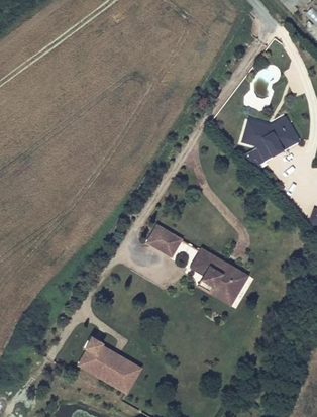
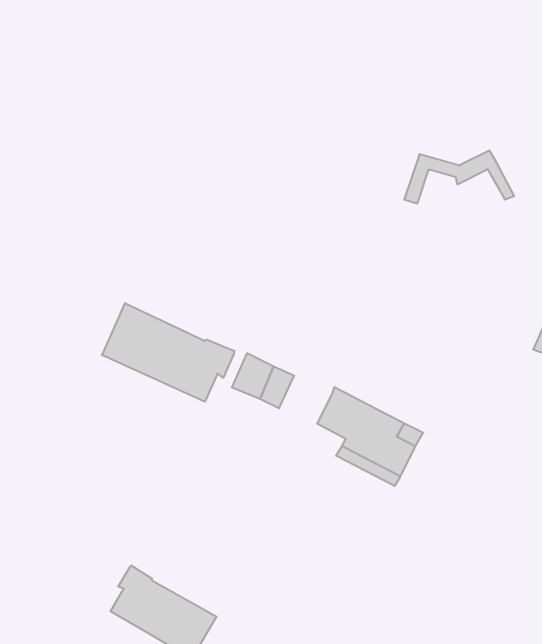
building: [245,127,292,159] -> none
building: none -> [102,303,234,402]

